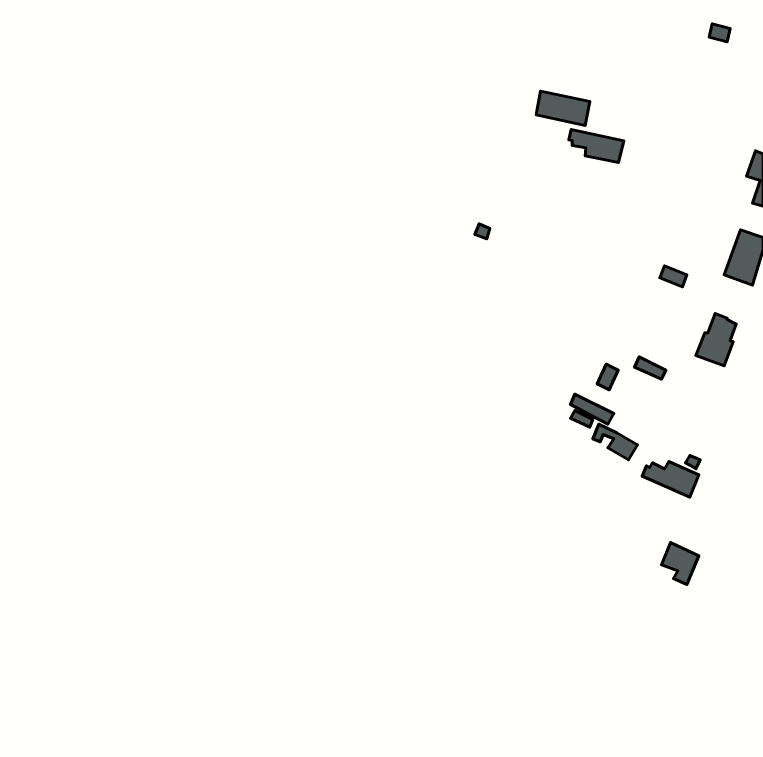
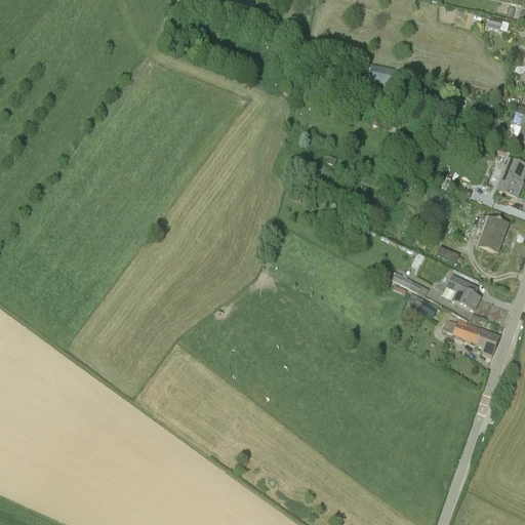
building: [569,130,624,163] -> none
building: none -> [444,273,481,309]
building: [661,543,699,584] -> [474,326,499,355]

